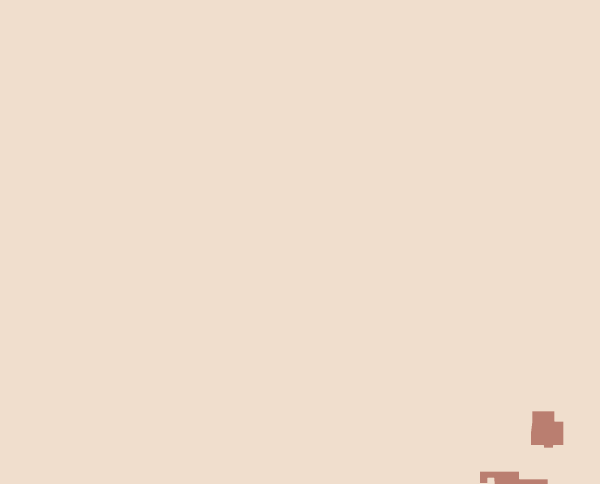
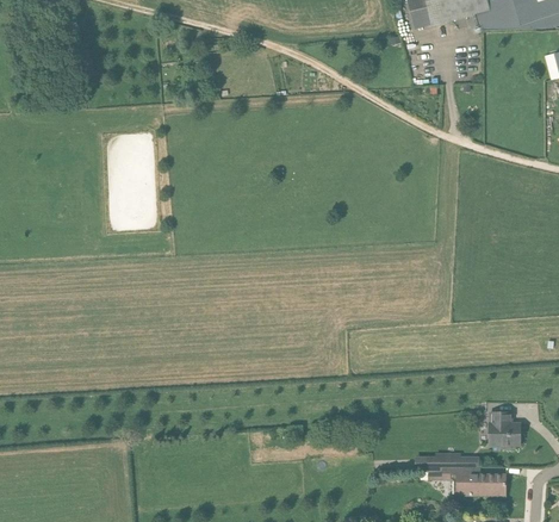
building: none -> [426,453,470,470]

